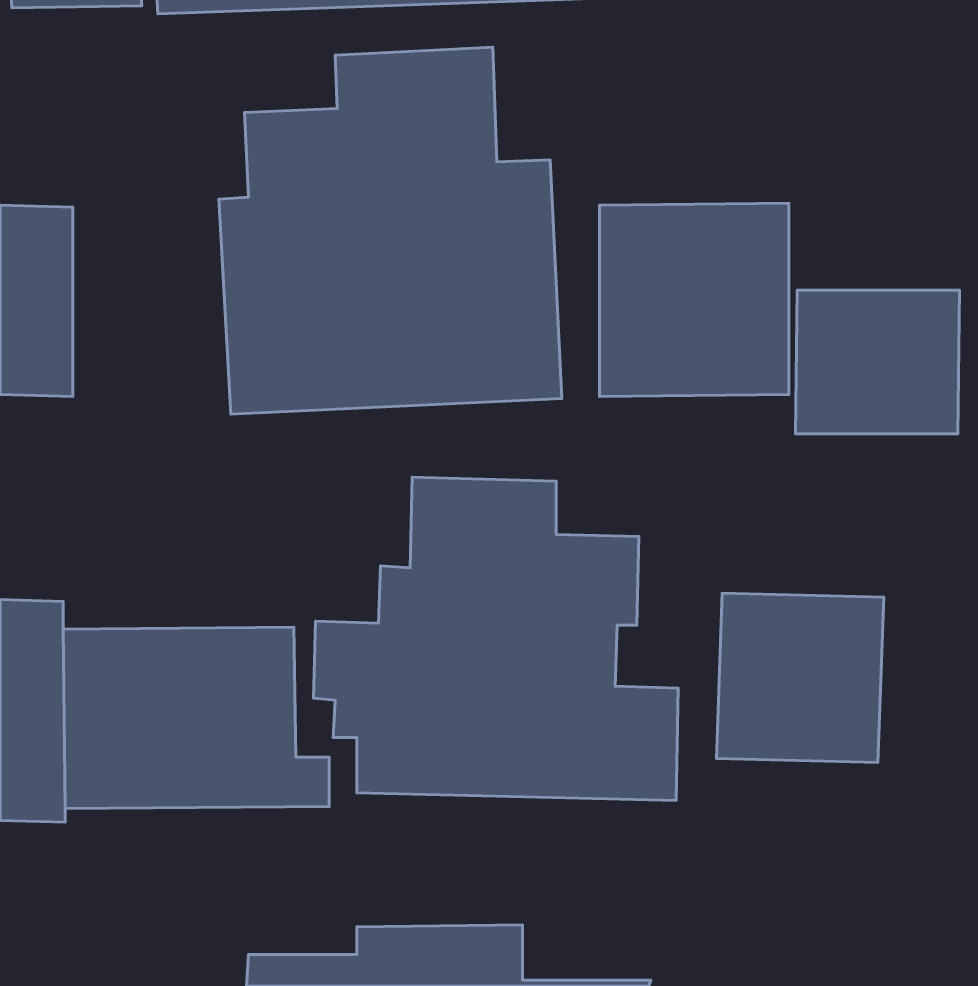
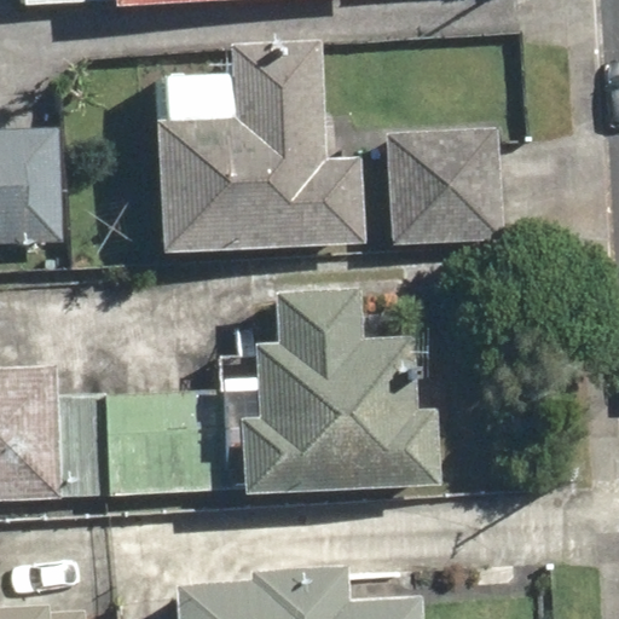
building: [796,290,959,434] -> none
building: [716,593,884,763] -> none

